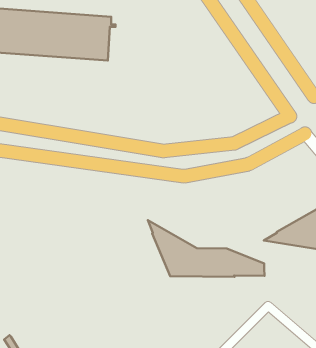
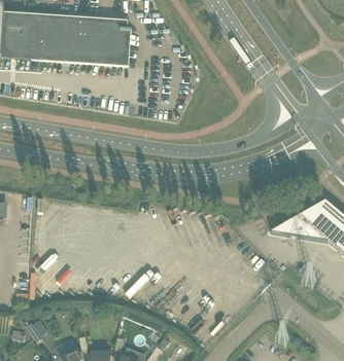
building: [148,220,264,277] -> none

